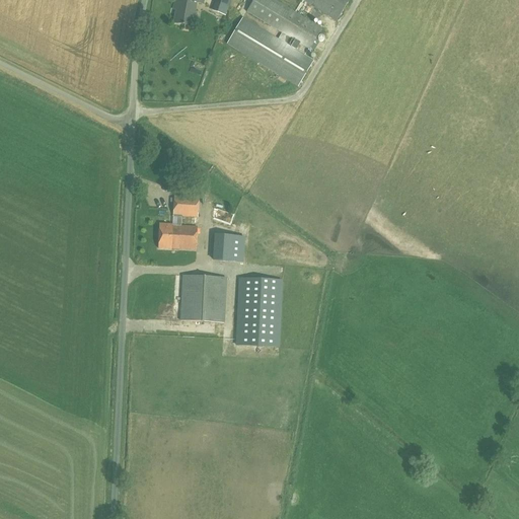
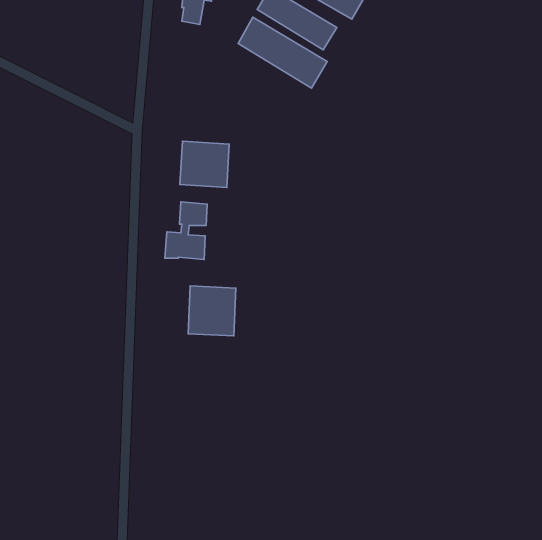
building: none -> [180,141,229,187]
building: [216,232,247,256] -> none
building: [234,276,280,345] -> none

